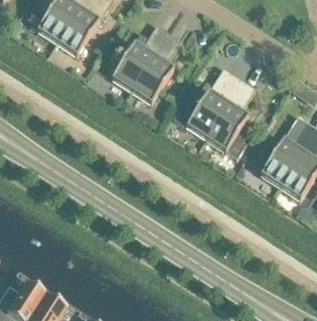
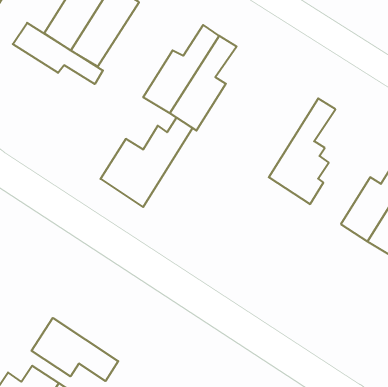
building: none -> [13,23,103,84]
building: [173,71,243,139] -> [100,118,193,207]
building: none -> [32,318,118,381]

